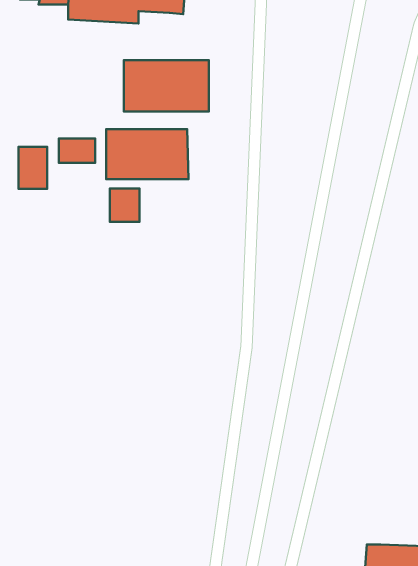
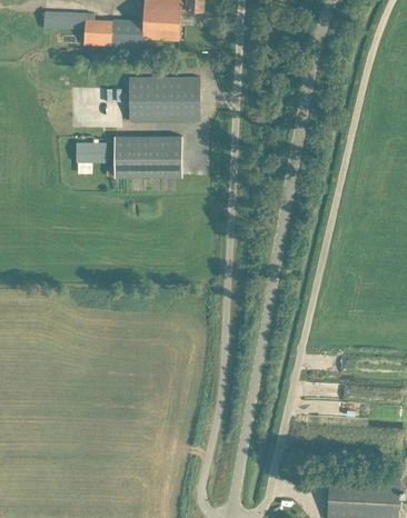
building: [19,147,47,189] -> none
building: [110,189,139,222] -> none

